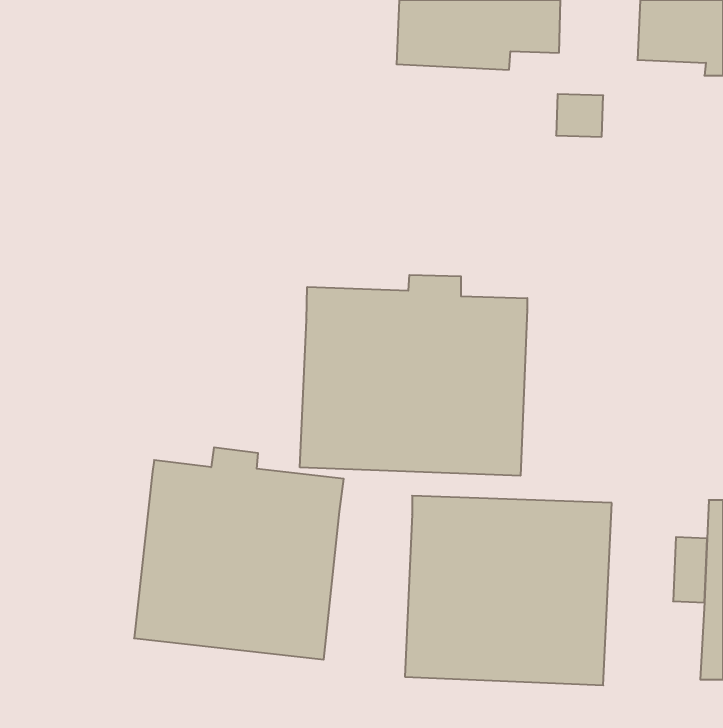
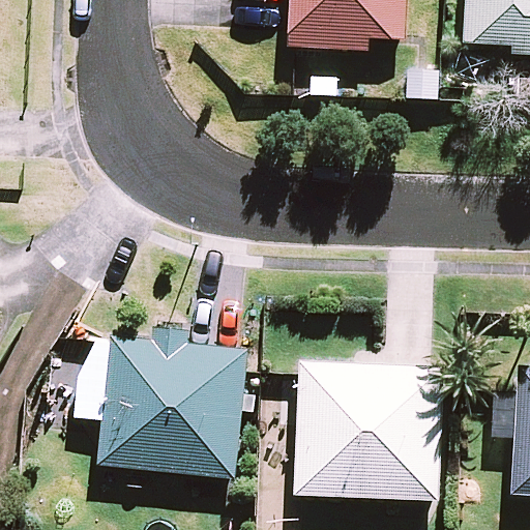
building: [300,275,527,476] -> none

